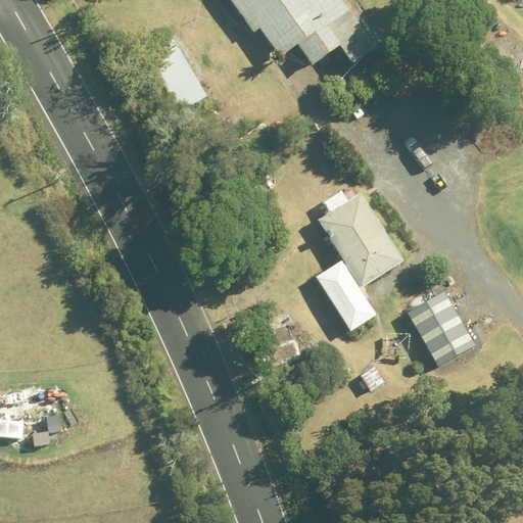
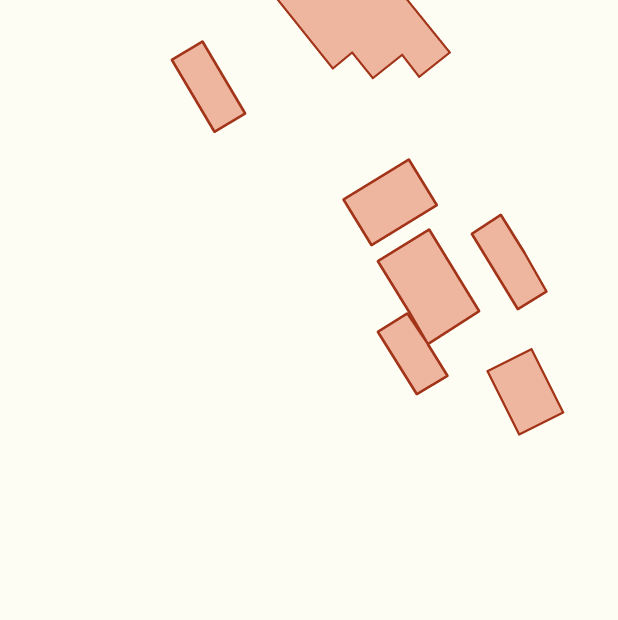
building: none -> [344,159,437,245]
building: none -> [472,215,547,309]

